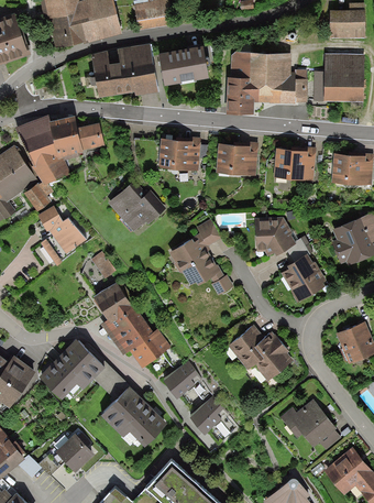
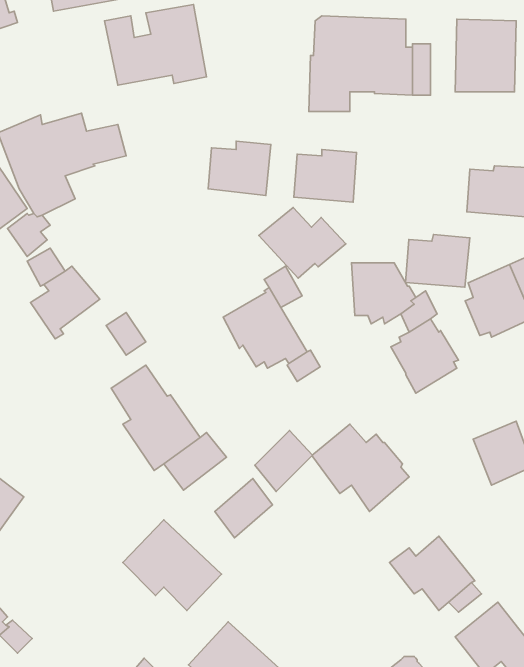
building: [157,46,208,86] -> none
building: [273,144,316,179] -> [406,235,470,287]
building: [108,184,166,231] -> [259,208,346,278]
building: [38,340,103,400] -> none
building: [189,395,228,436] -> [255,430,312,491]
building: [55,434,94,472] -> none

